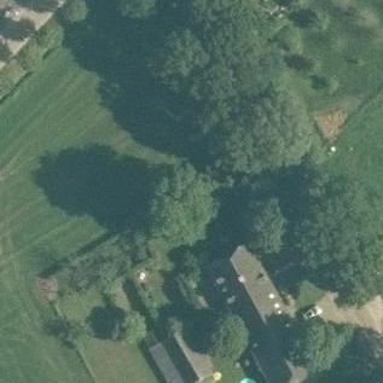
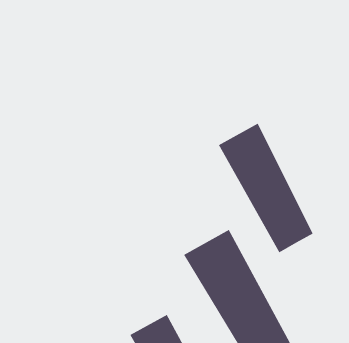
building: none -> [218,123,313,253]

